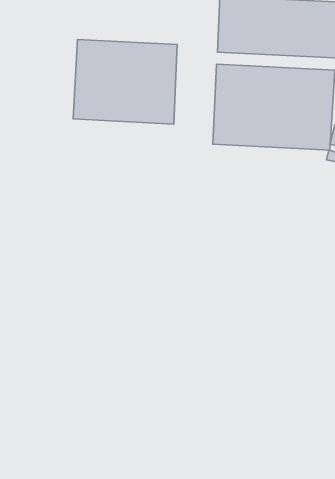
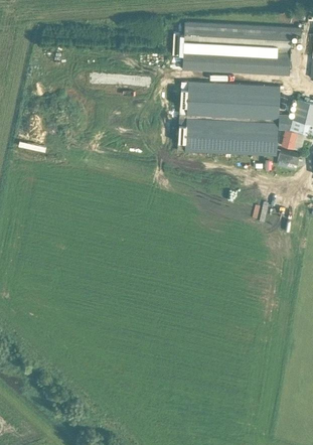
building: [73,39,177,124] -> none

